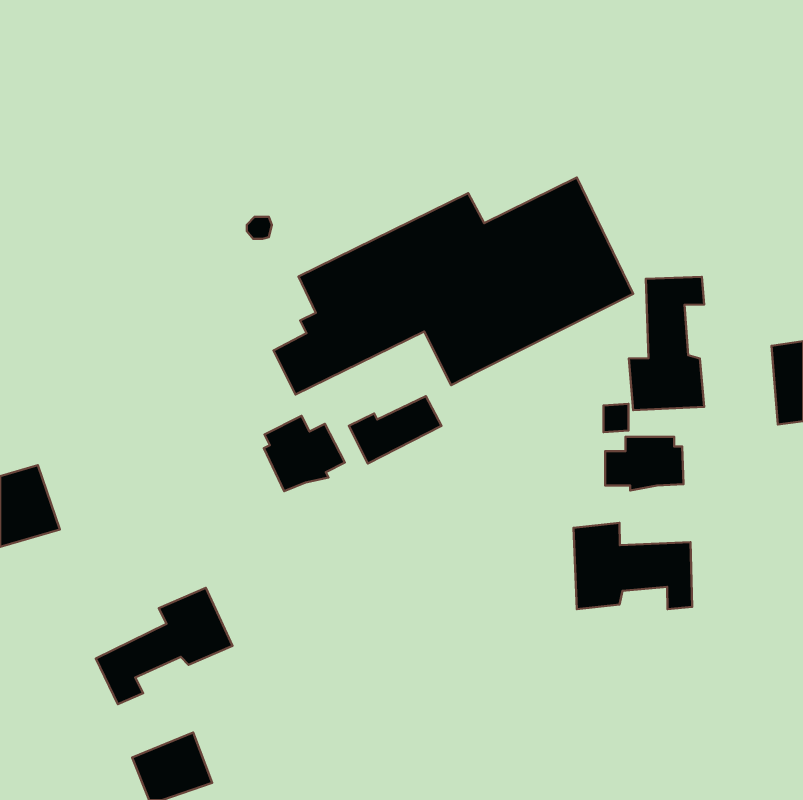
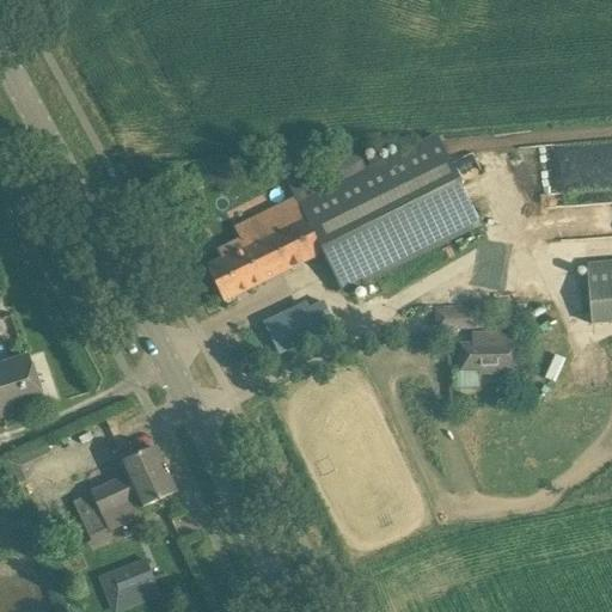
building: [629,277,704,410] -> none
building: [264,416,345,491] -> none
building: [574,523,692,609] -> none

